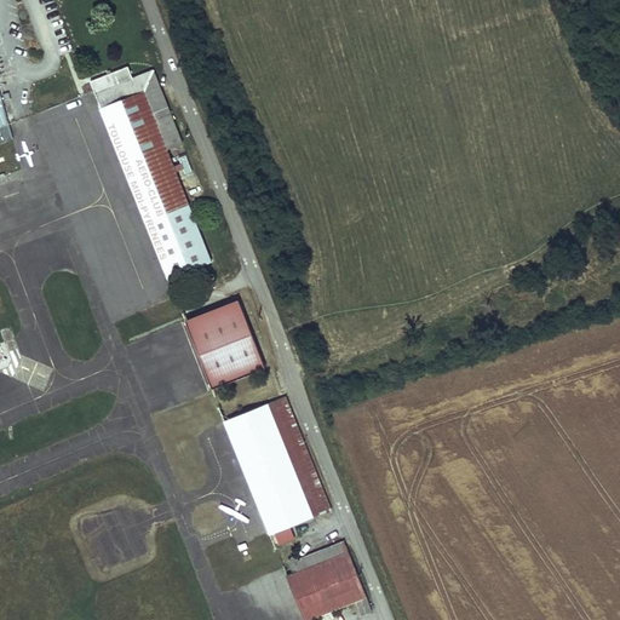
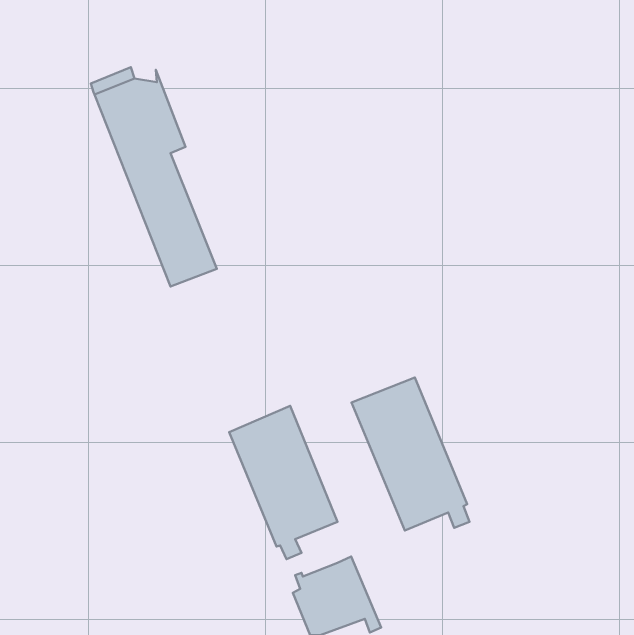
building: [184,300,264,389] -> none
building: none -> [352,377,470,530]

